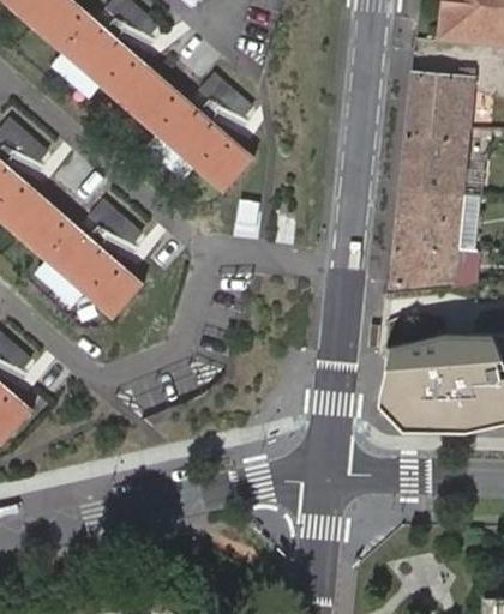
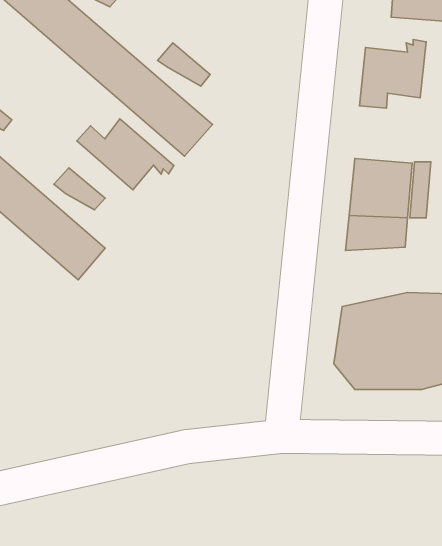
building: [400,125,467,197] -> none
building: none -> [77,119,174,190]

